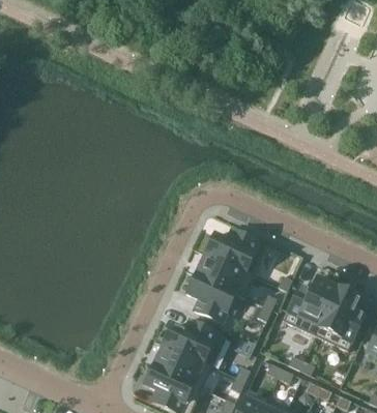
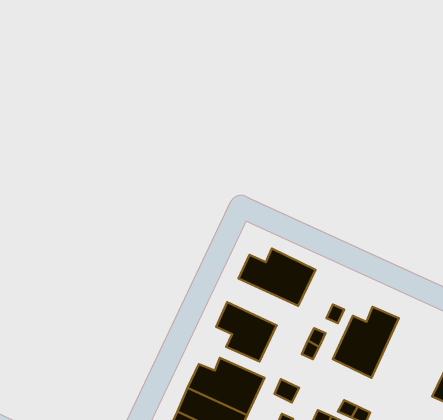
building: [195,254,254,298] -> none
building: [315,287,364,351] -> none

